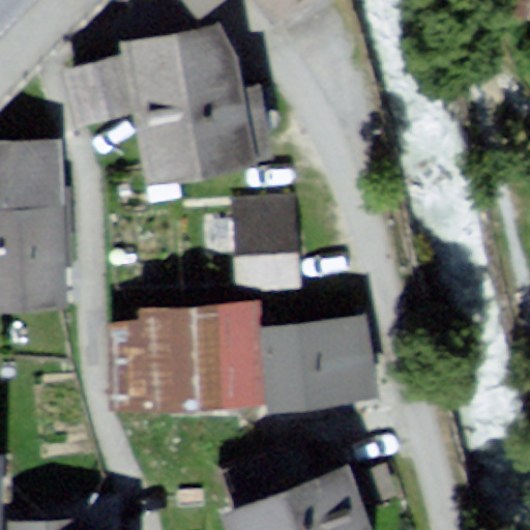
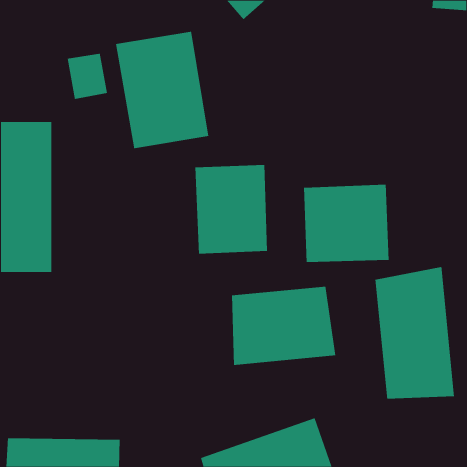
building: none -> [303,184,389,263]
building: none -> [375,266,455,399]
building: [135,304,264,417] -> none

